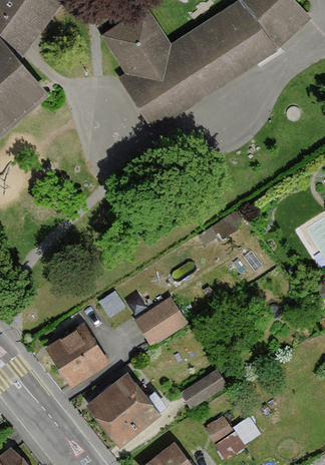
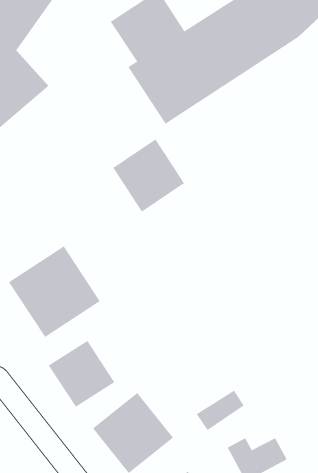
building: none -> [112,138,185,212]
building: none -> [8,245,101,338]
building: [135,298,186,345] -> none

